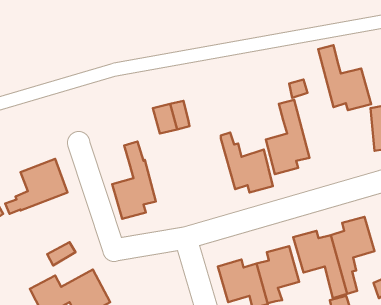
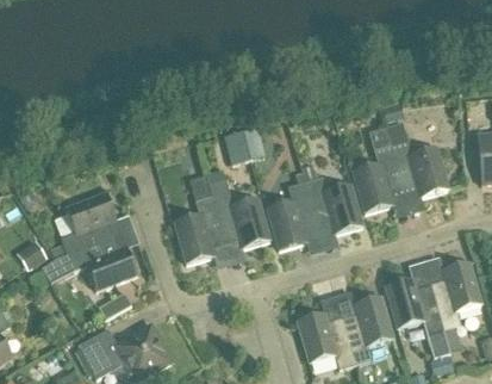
building: [318,45,371,110] -> [387,119,449,196]
building: none -> [267,169,318,248]
building: none -> [212,190,269,248]
building: none -> [67,233,136,289]

